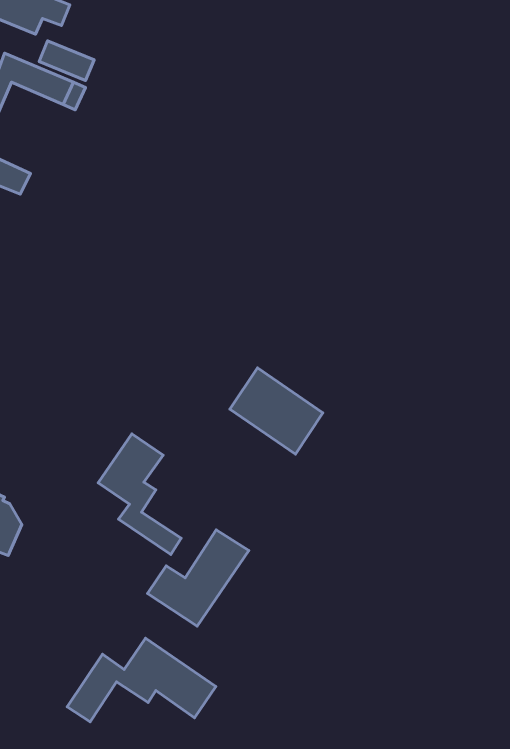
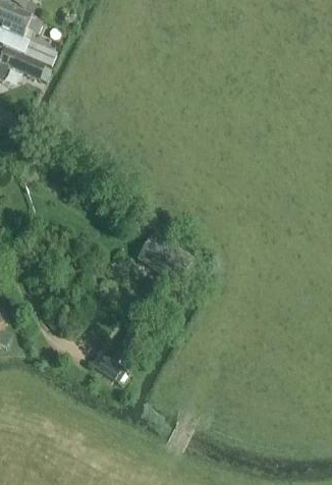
building: [98,434,181,555] -> none
building: [67,638,216,722] -> none

